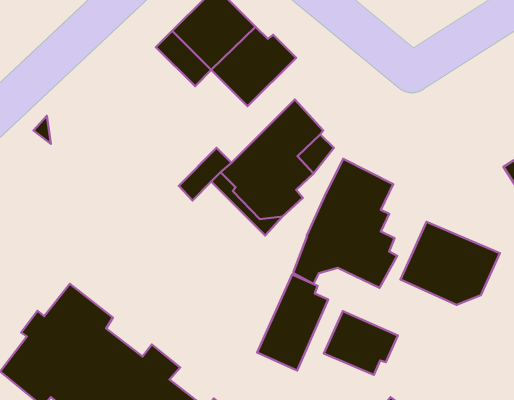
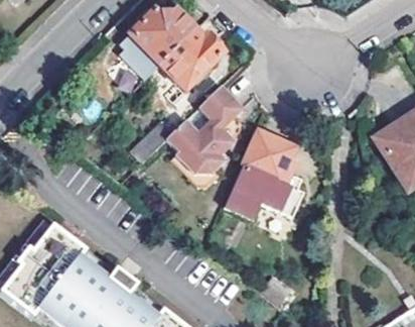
building: [401,222,500,305] -> none
building: [257,274,328,370] -> none
building: [324,311,398,375] -> none

